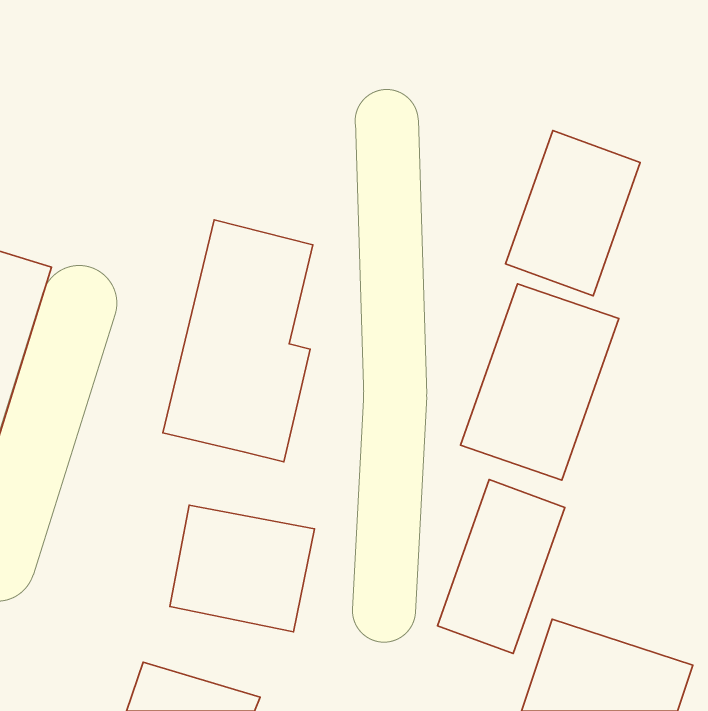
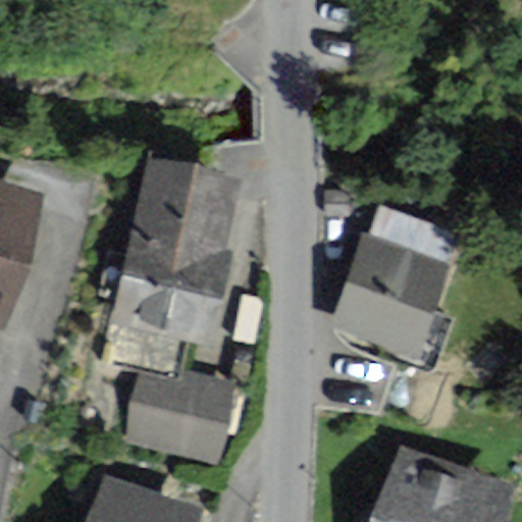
building: [506,131,640,296] -> none
building: [438,480,565,654] -> none

